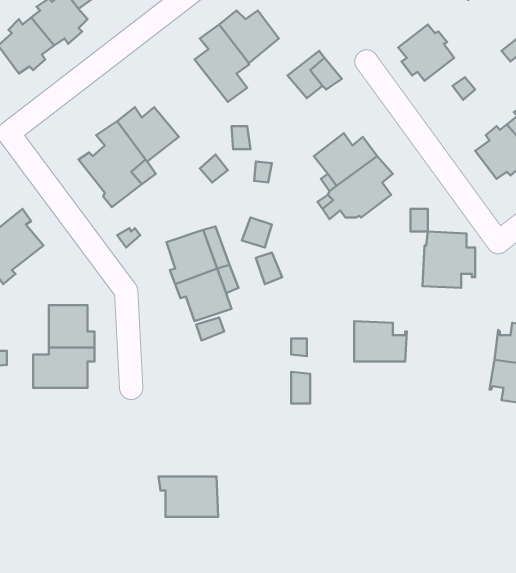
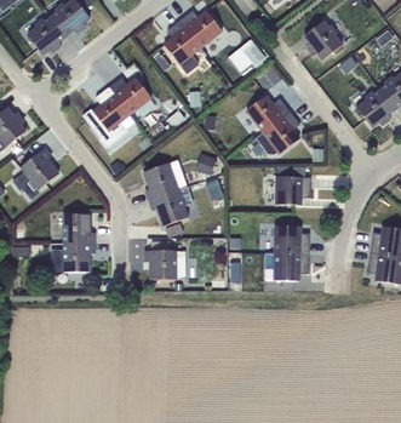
building: [423,232,475,288] -> [275,165,311,204]
building: none -> [273,252,309,280]
building: [159,477,218,517] -> [145,250,187,278]

